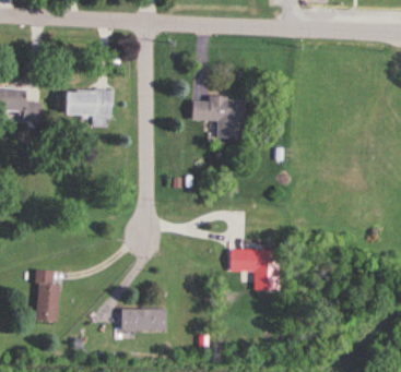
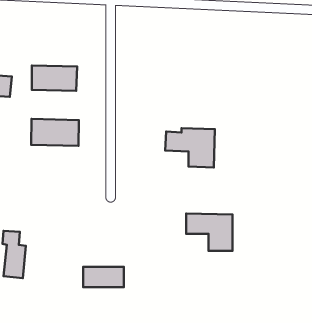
building: [192,95,246,137] -> [165,128,215,168]
building: none -> [31,119,79,146]

